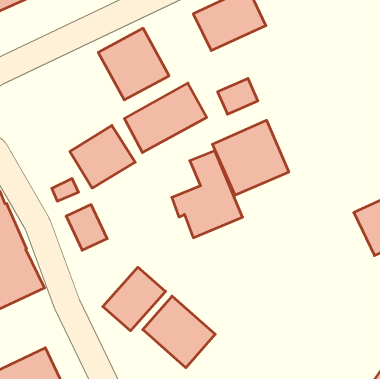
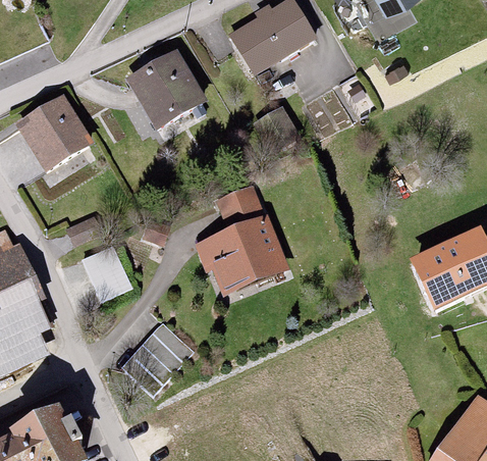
building: [124,83,207,153] -> none
building: [212,120,289,195] -> none
building: [70,125,135,188] -> [14,96,89,167]
building: [143,296,215,368] -> none

